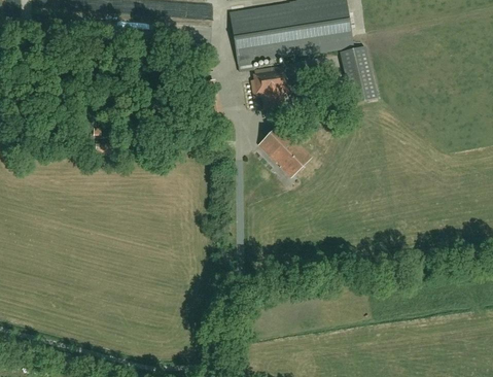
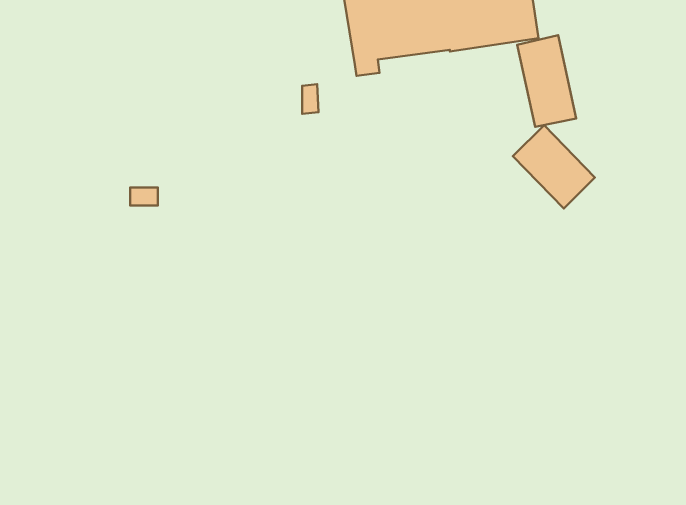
building: [250,73,290,107] -> none
building: [258,124,310,176] -> [513,125,595,209]

